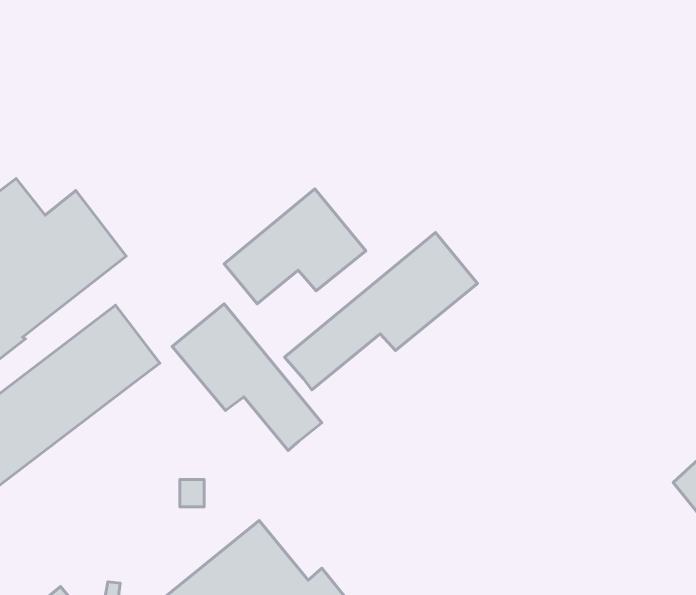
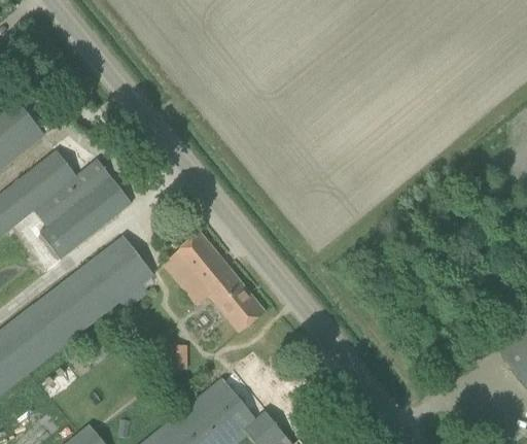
building: [224,189,366,304] -> none
building: [285,232,478,390] -> none

